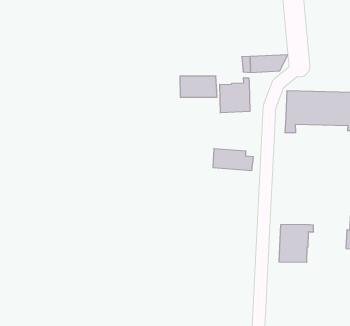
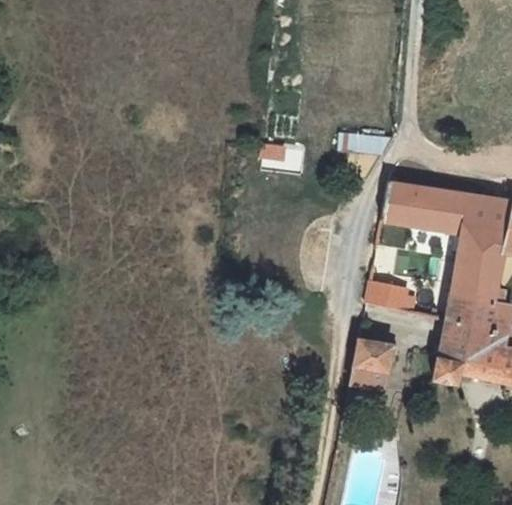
building: [220,78,250,113] -> none
building: [213,149,253,170] -> [366,280,416,312]

